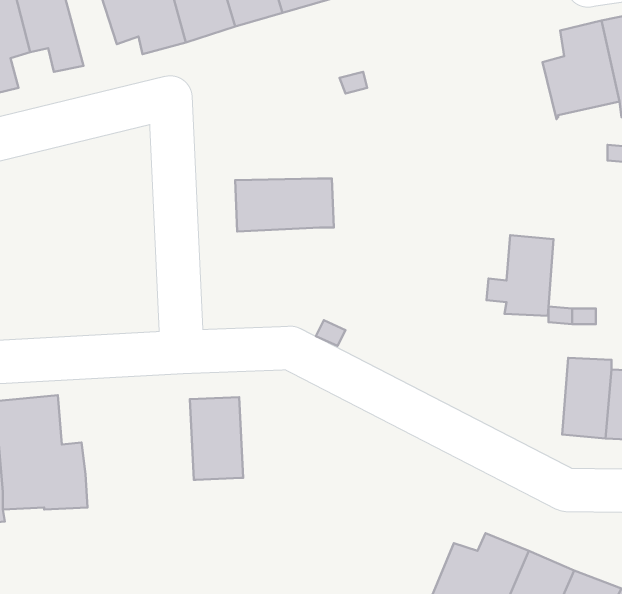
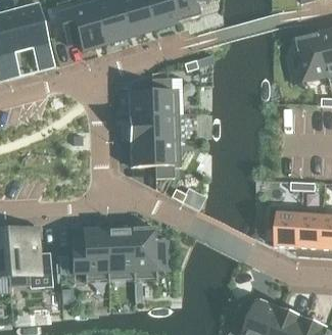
building: none -> [128,78,179,115]
building: none -> [130,140,174,178]
building: [487,235,554,316] -> [267,205,301,247]
building: none -> [131,227,169,278]
building: none -> [72,229,109,279]

